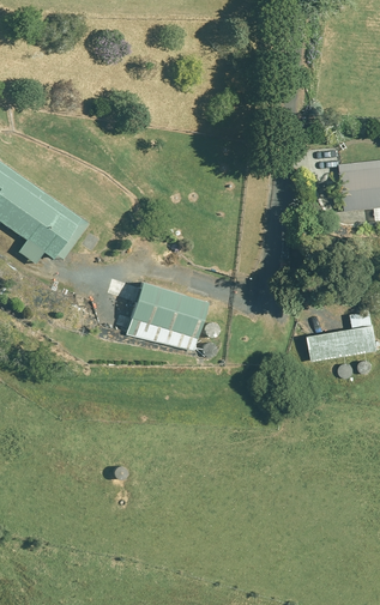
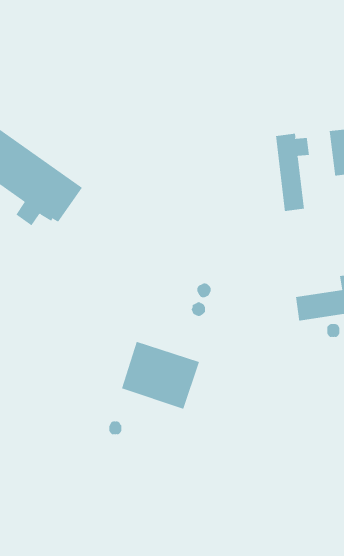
building: none -> [275,133,310,212]
building: [126,282,207,352] -> [121,341,200,409]

